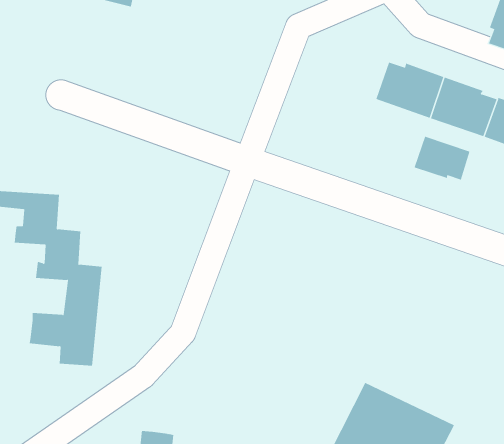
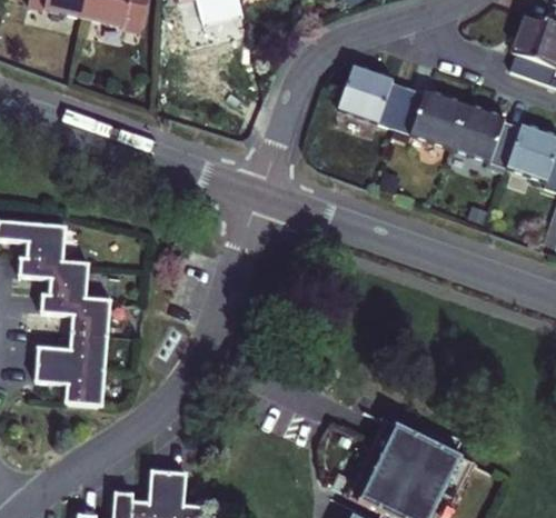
building: none -> [339,64,408,127]
building: [414,136,470,181] -> none

